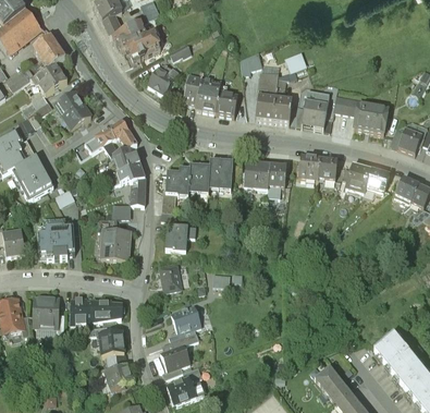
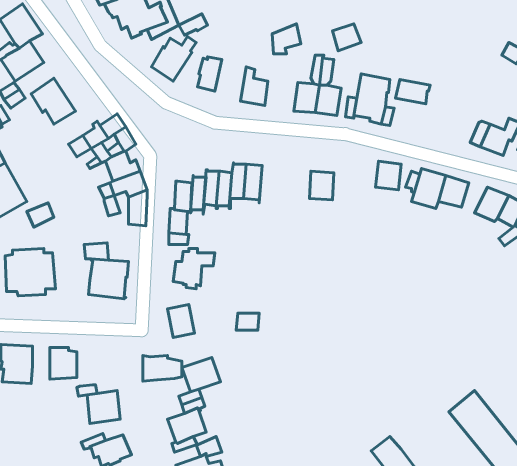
building: [195,78,220,110] -> none
building: [354,102,389,132] -> none
building: [298,154,320,178] -> none
building: [243,161,269,190] -> none
building: [91,301,121,320] -> [143,355,182,381]

